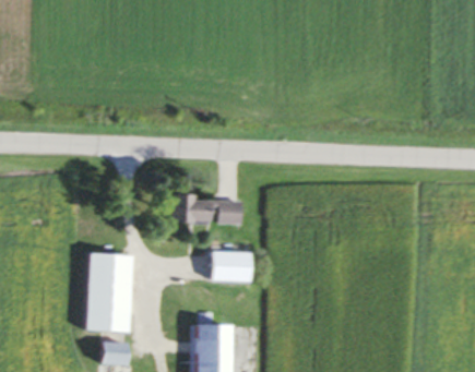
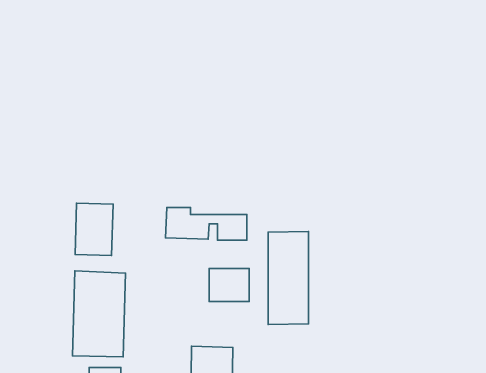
building: none -> [75,203,113,255]
building: none -> [268,231,308,324]

